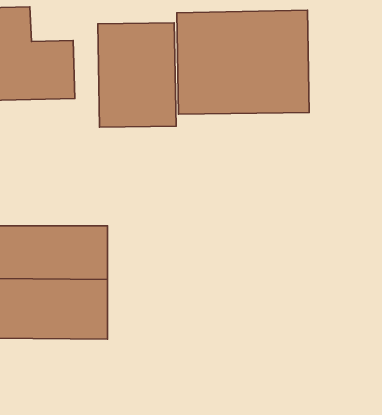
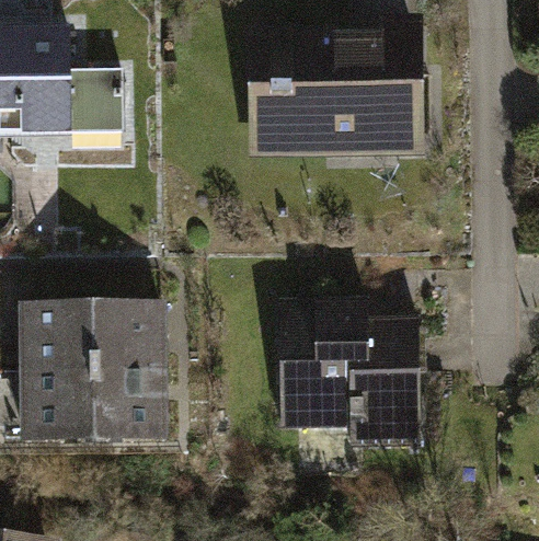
building: [98,23,176,127] -> none
building: none -> [282,289,420,447]

